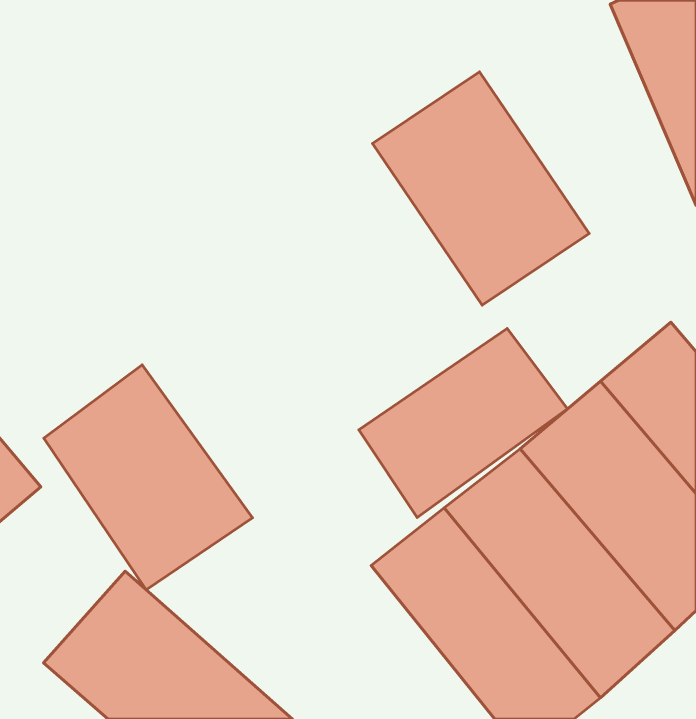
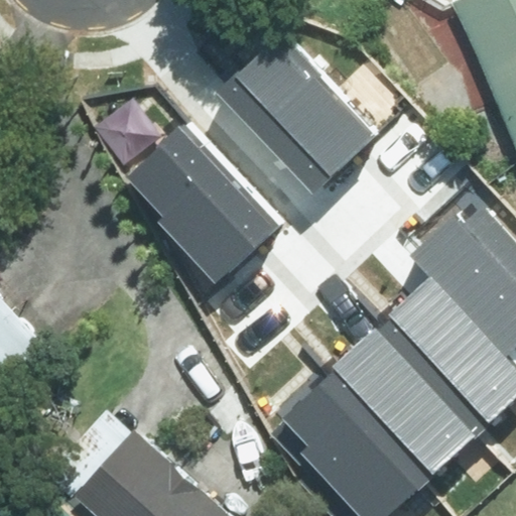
building: none -> [146,129,301,300]
building: [359,328,568,517] -> none
building: [44,365,252,590] -> none

